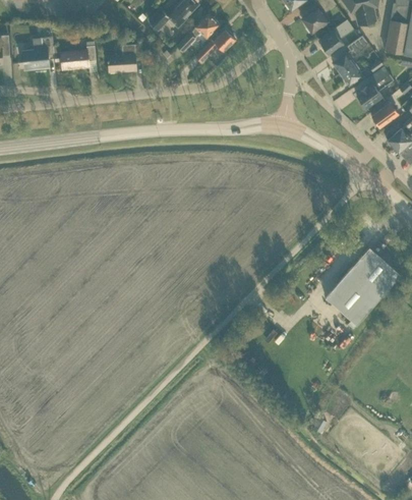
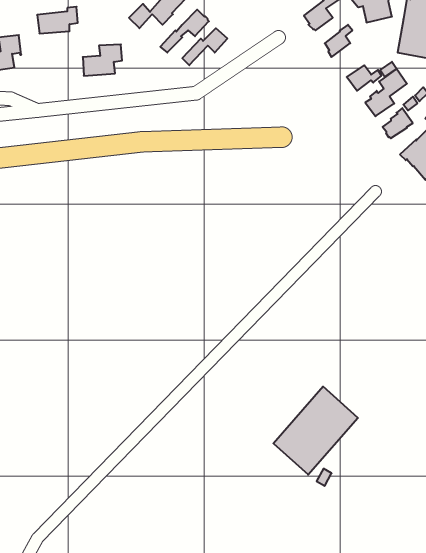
building: [333,36,368,73] -> none
building: [60,46,96,69] -> [37,7,78,33]
building: [326,247,400,325] -> [273,387,358,475]

